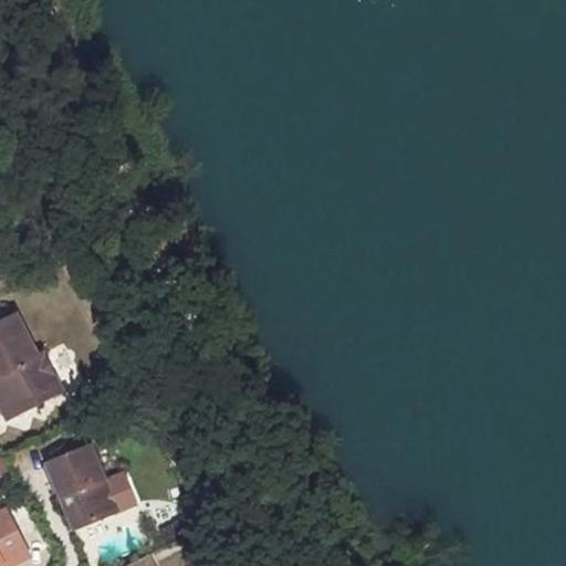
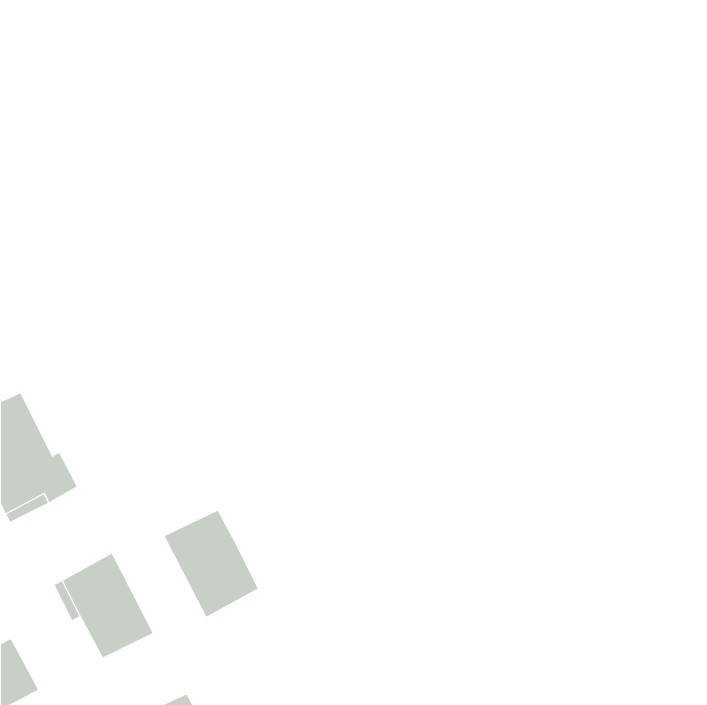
building: none -> [164,510,259,617]

